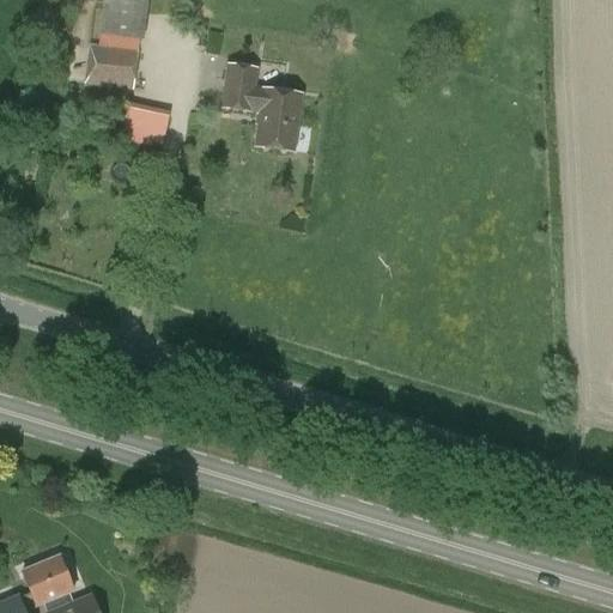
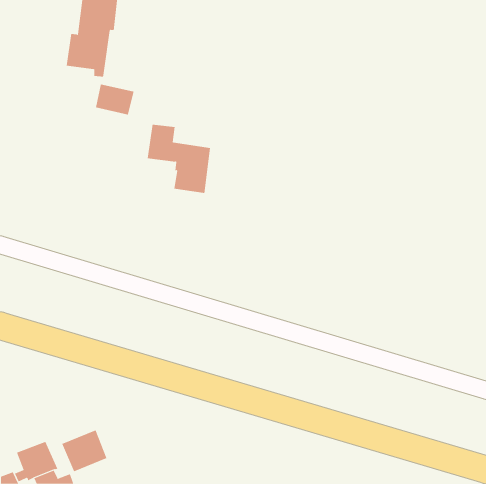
building: [221,63,302,151] -> [147,124,211,194]
building: none -> [62,430,107,472]

